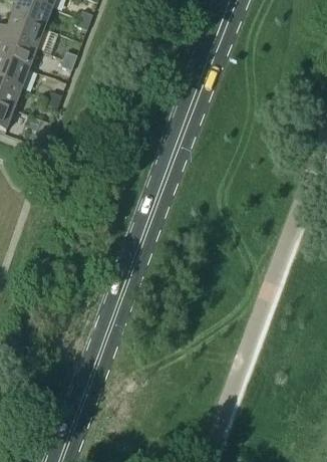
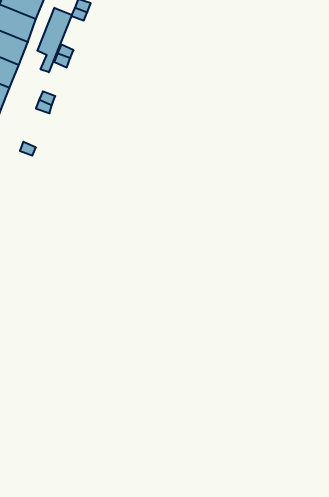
building: none -> [37,8,72,72]

